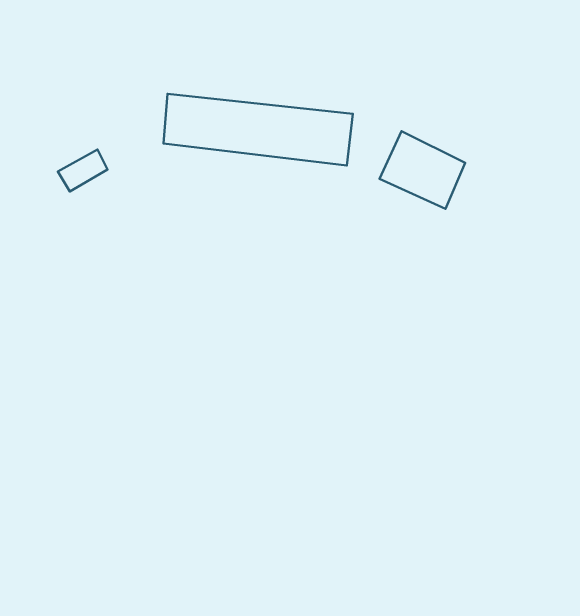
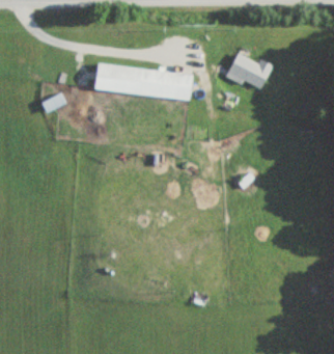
building: [380,131,465,209] -> [227,50,272,90]

